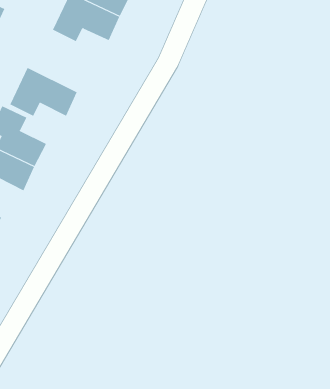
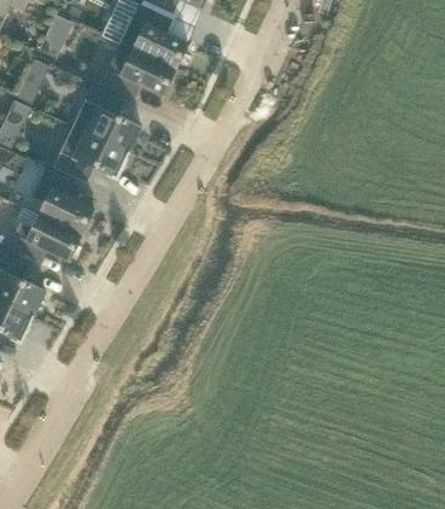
building: none -> [72,86,141,153]

